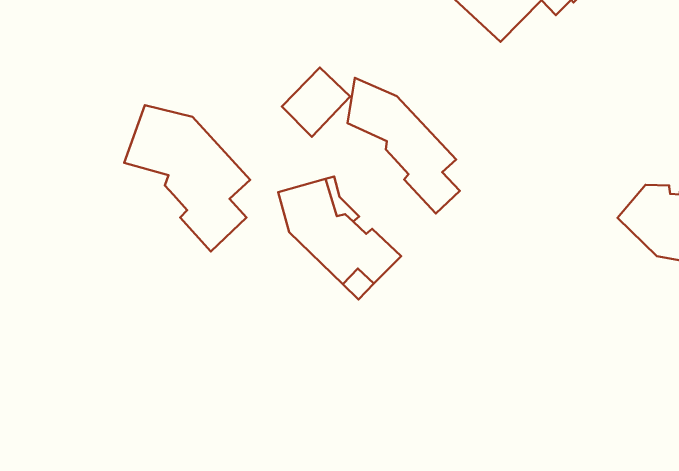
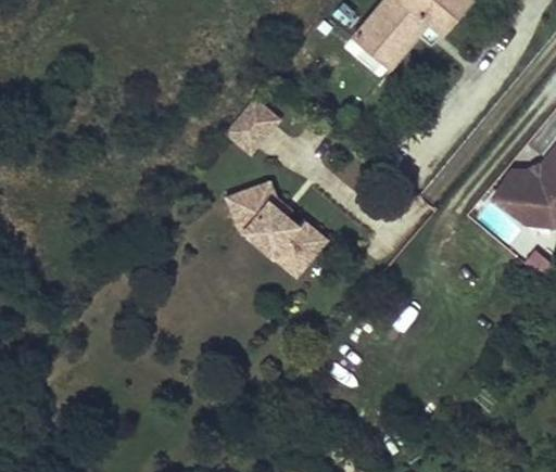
building: [348,78,460,213] -> none
building: [124,105,250,252] -> none

